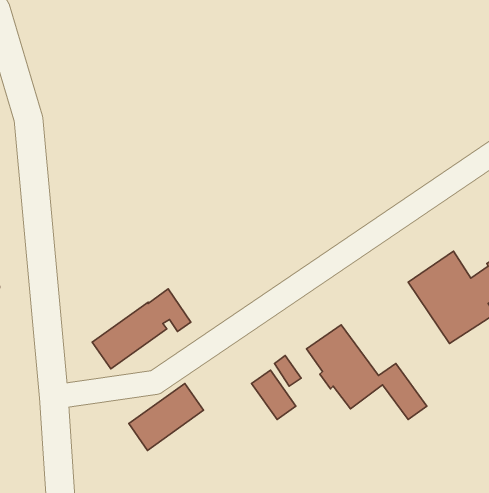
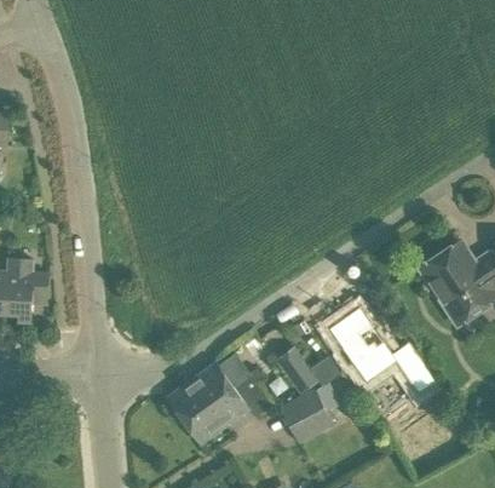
building: [92,289,191,369] -> [183,373,272,446]
building: none -> [281,390,333,441]

